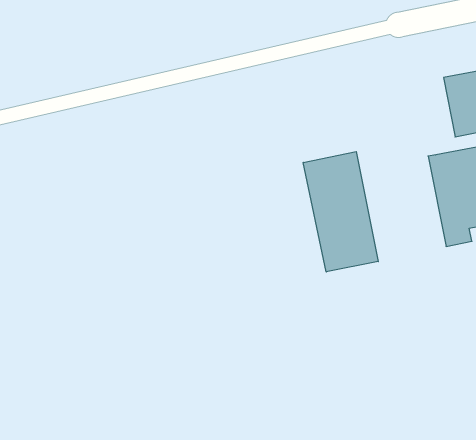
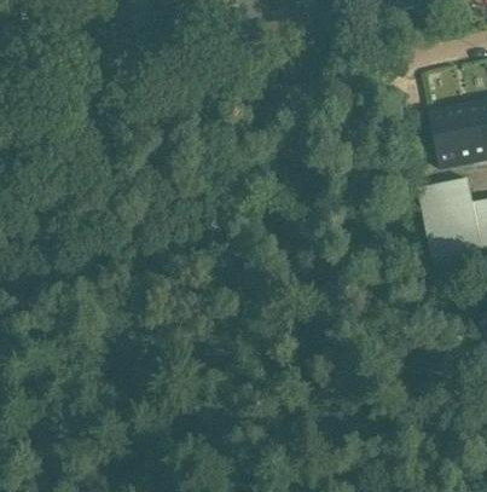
building: [303,152,378,272] -> none

